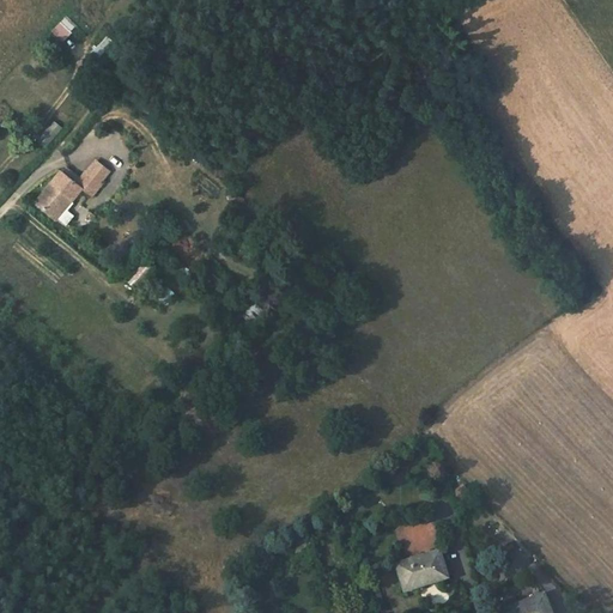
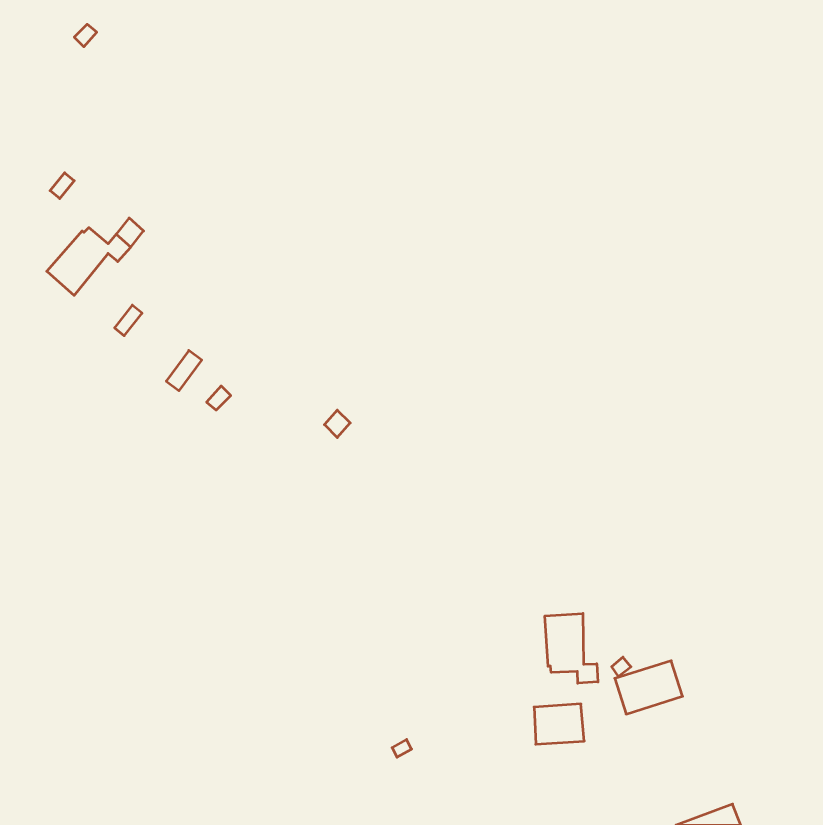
building: none -> [545,613,598,683]
building: [396,553,447,593] -> [615,661,683,714]

